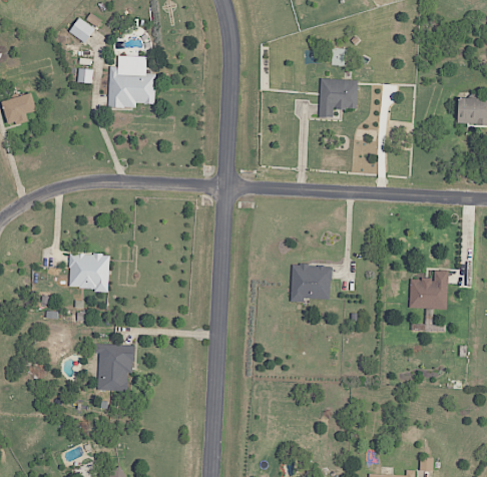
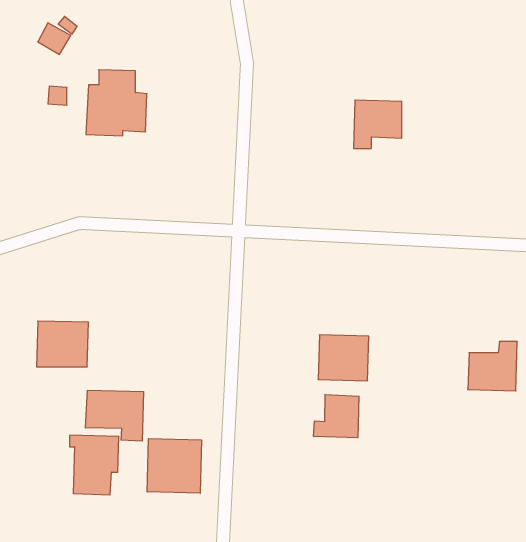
building: none -> [85,390,143,441]
building: none -> [314,394,359,438]
building: none -> [147,439,201,493]

